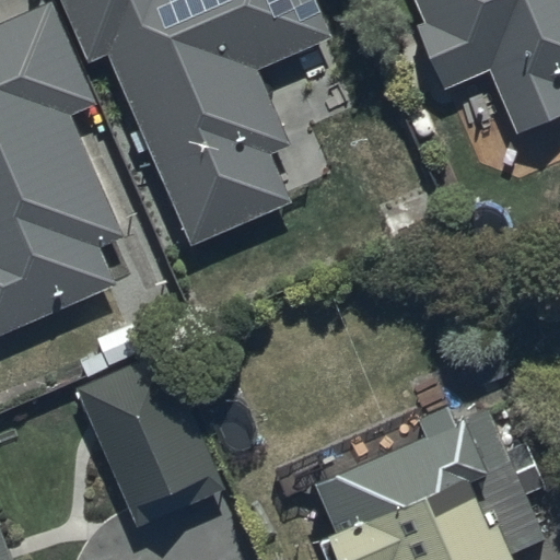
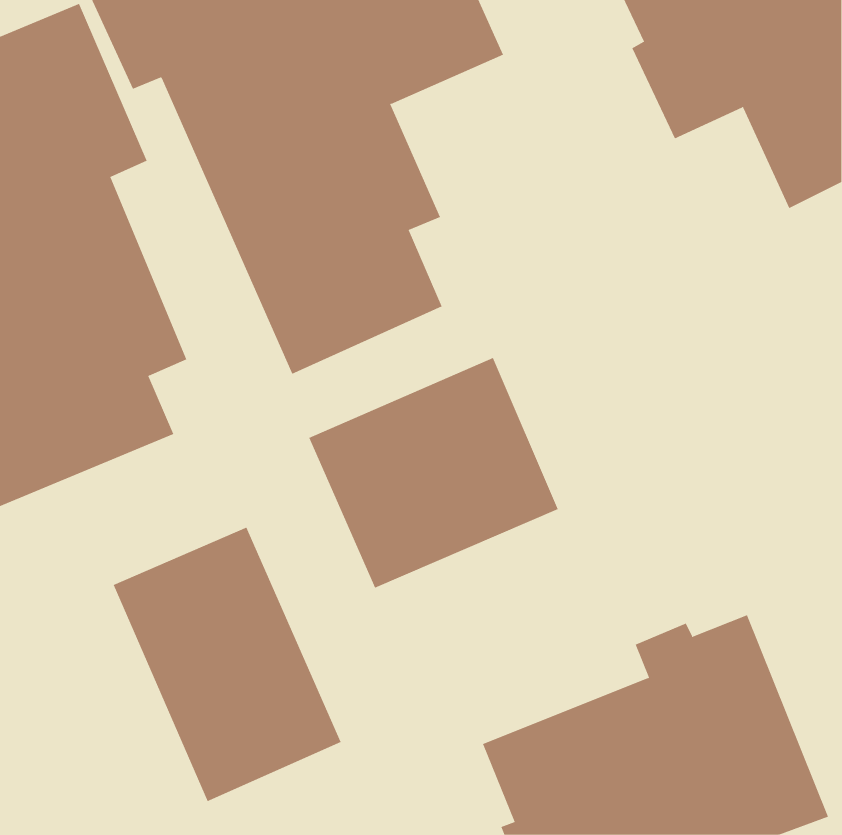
building: none -> [309,357,558,589]

